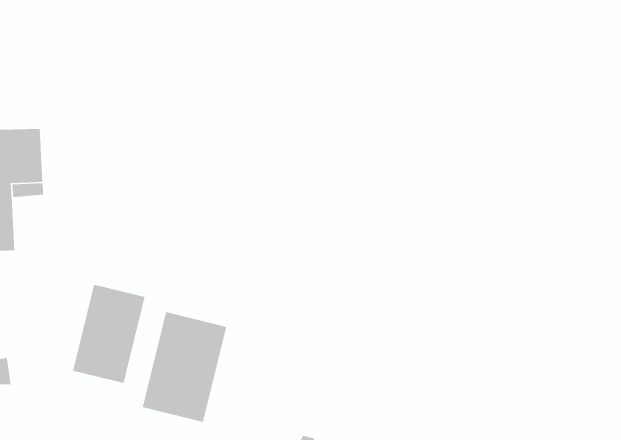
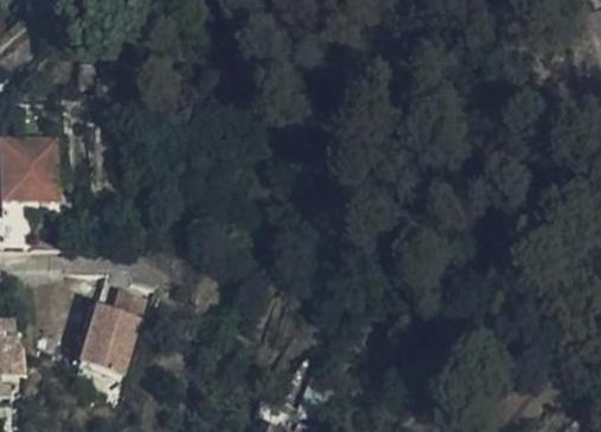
building: [142,311,227,423] -> none

